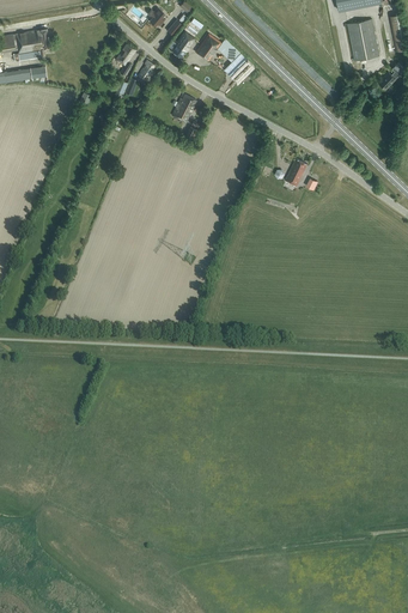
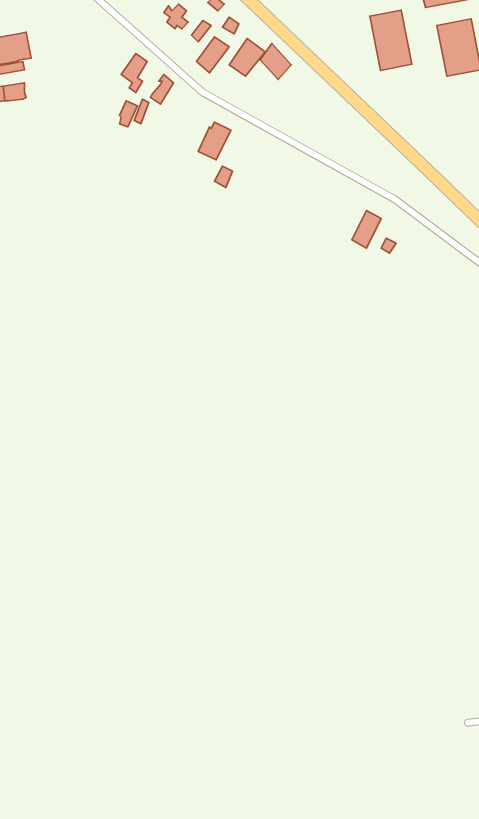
building: none -> [370,10,412,70]

